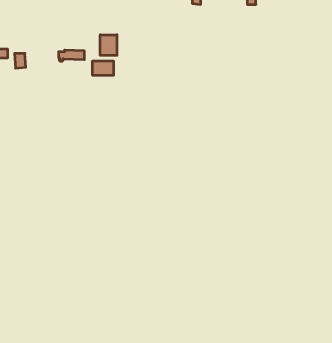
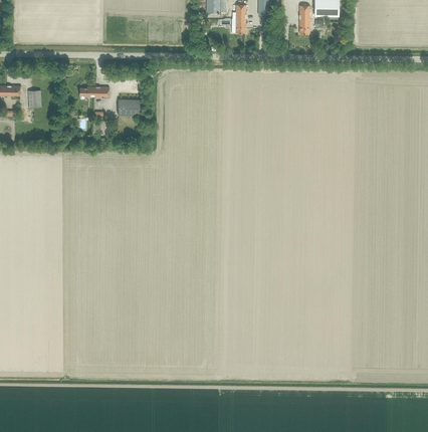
building: [100,35,117,55] -> none

